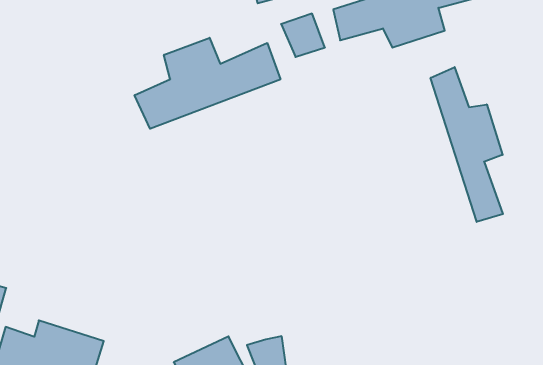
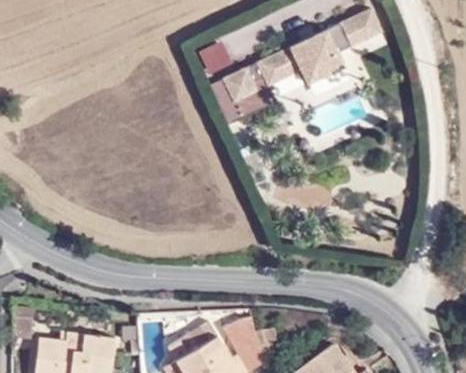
building: [135,38,280,129] -> none
building: [431,67,503,222] -> none

